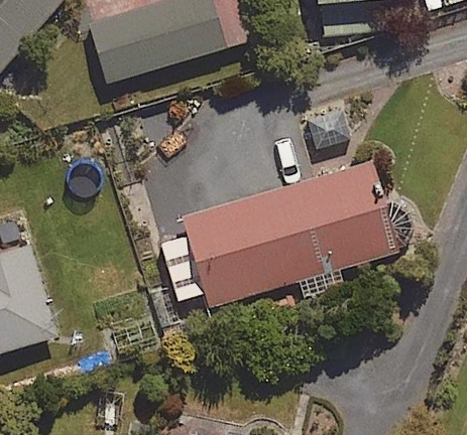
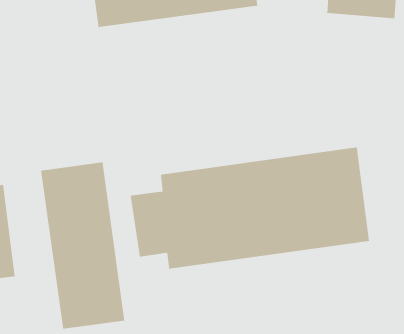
building: none -> [41,162,125,330]

